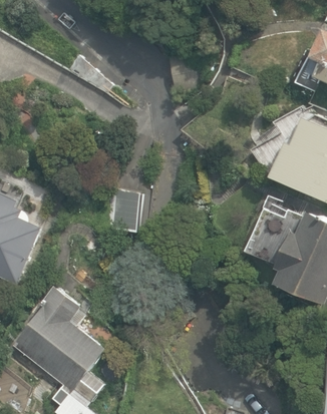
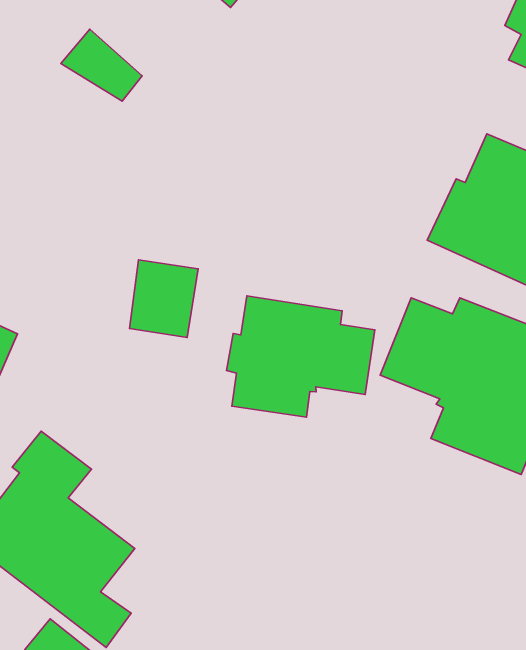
building: none -> [226,296,375,417]

